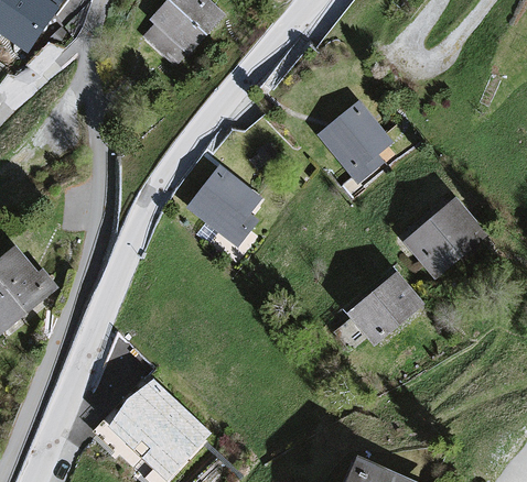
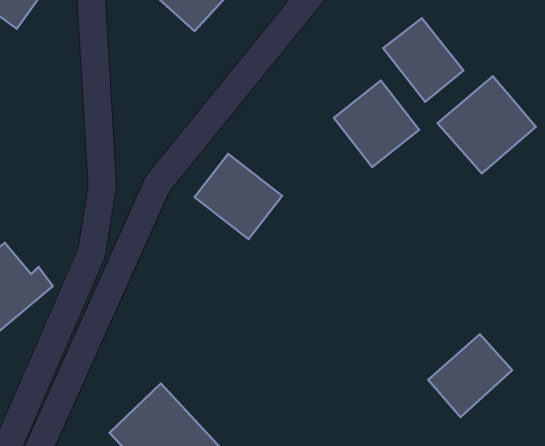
building: none -> [383,18,463,102]
building: [396,189,486,278] -> [438,76,536,174]
building: [348,274,426,350] -> [428,334,512,417]

